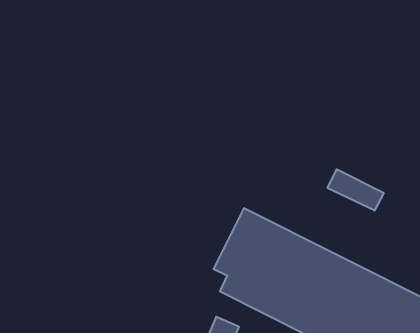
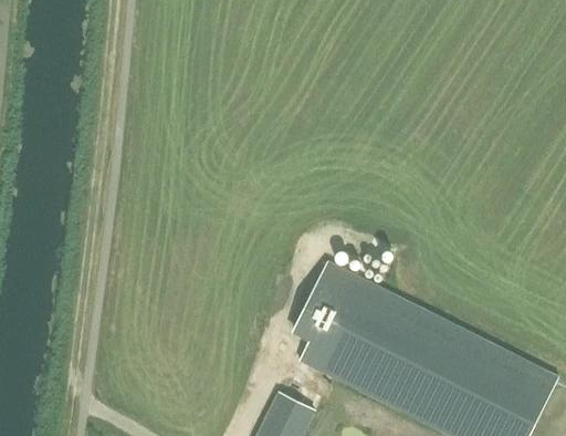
building: [328,169,384,211] -> none

